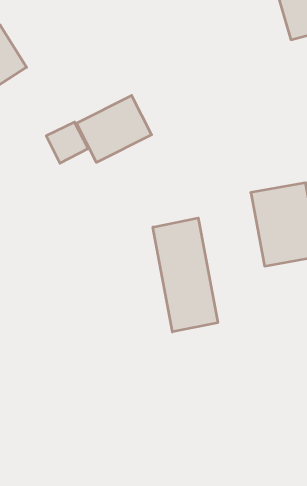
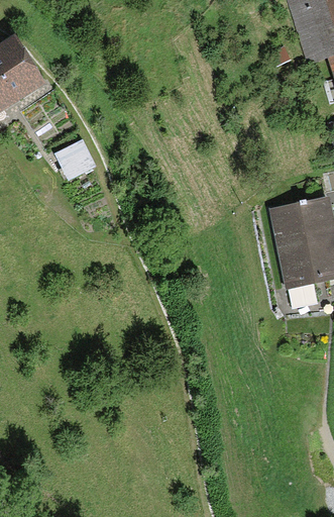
building: [76,95,152,162] -> none
building: [153,218,218,332] -> none

